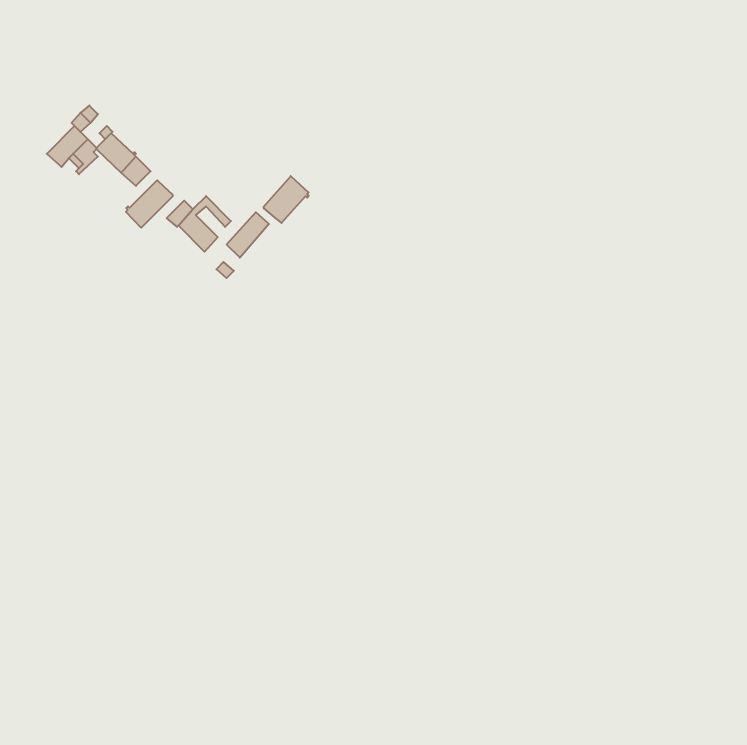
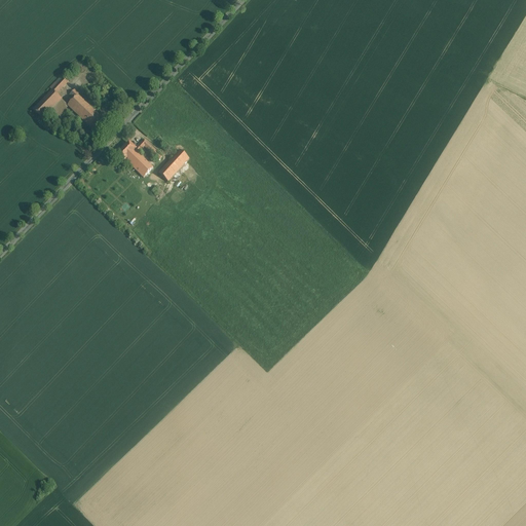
building: [264,176,309,223] -> none
building: [126,180,173,228] -> none

